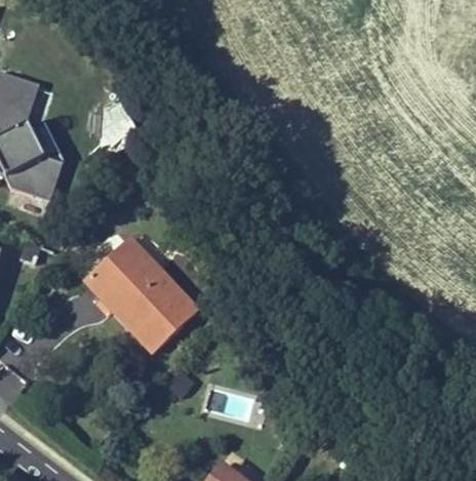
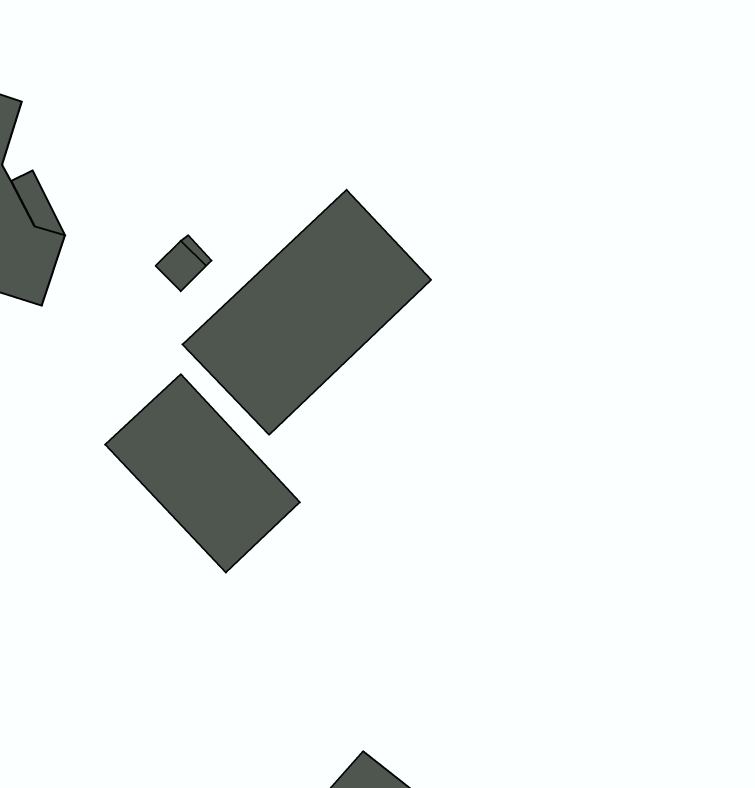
building: none -> [182,190,431,435]

